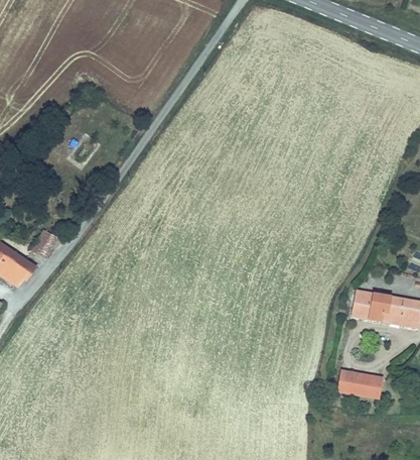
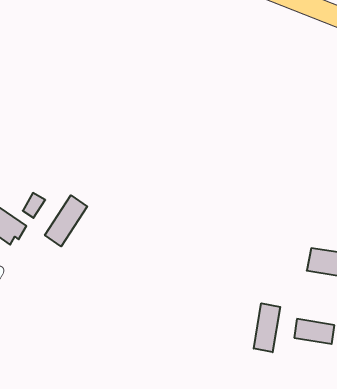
building: none -> [45,195,87,246]
building: none -> [254,303,280,352]

